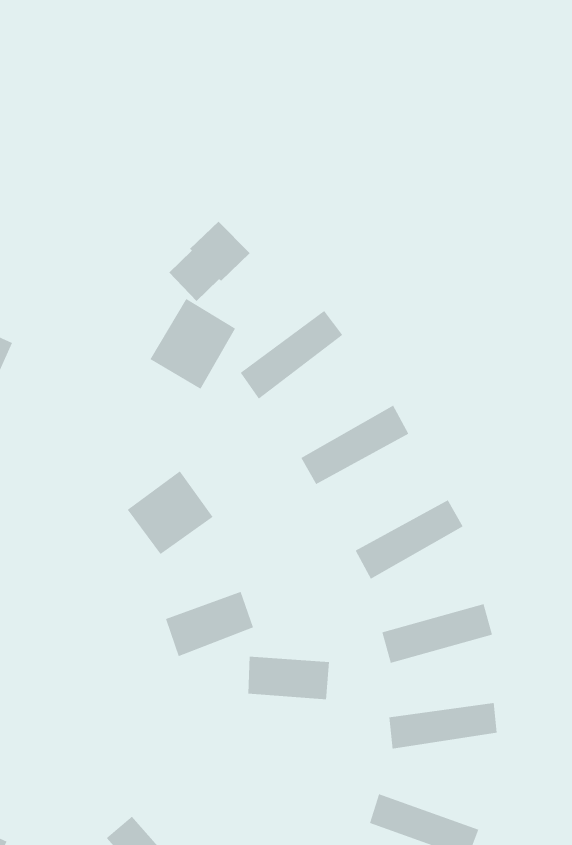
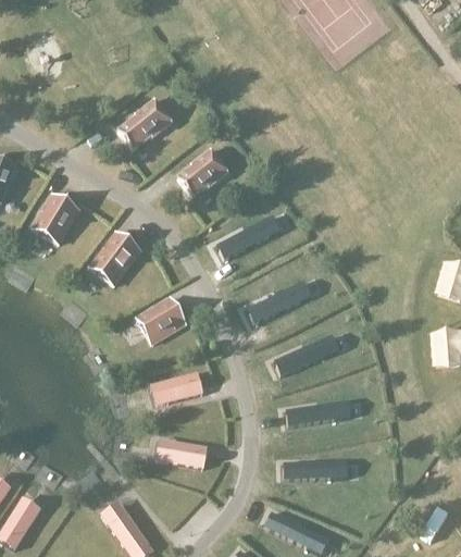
building: none -> [117,98,172,148]
building: [149,298,236,390] -> [90,231,145,287]
building: [247,656,330,700] -> [159,438,211,470]

